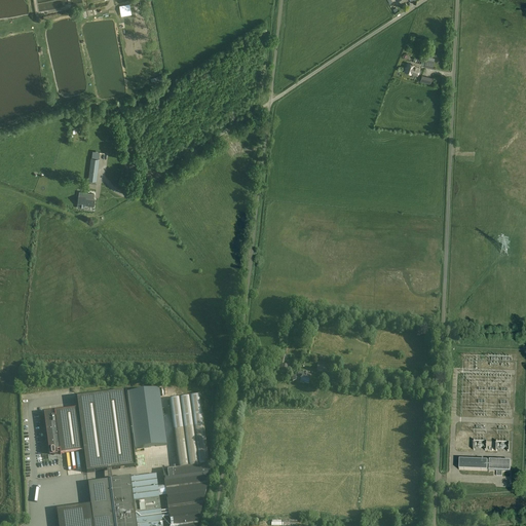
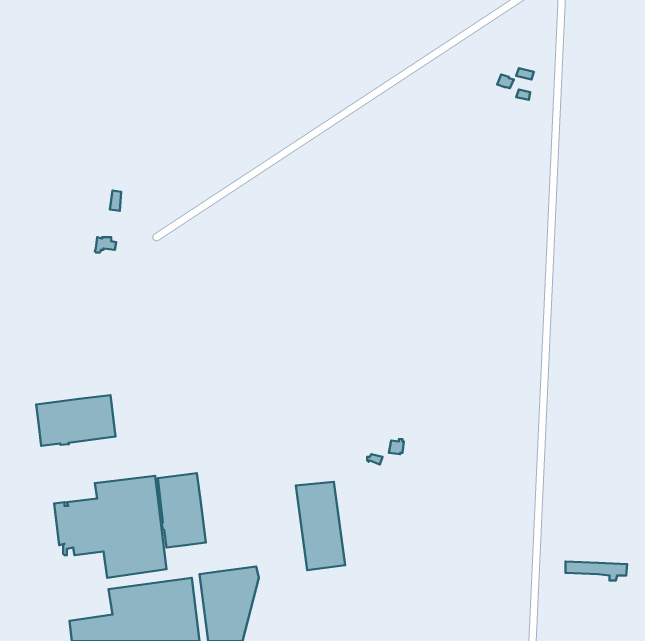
building: none -> [36,395,116,446]
building: [168,393,209,465] -> [296,482,345,570]

